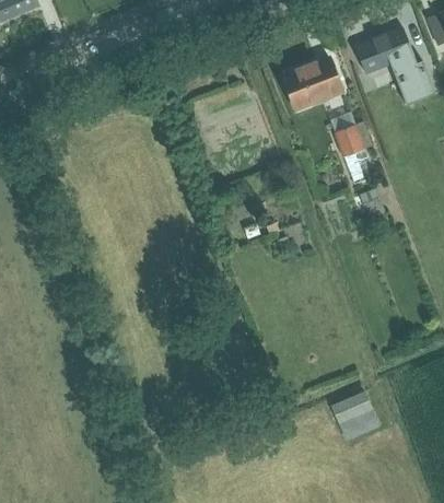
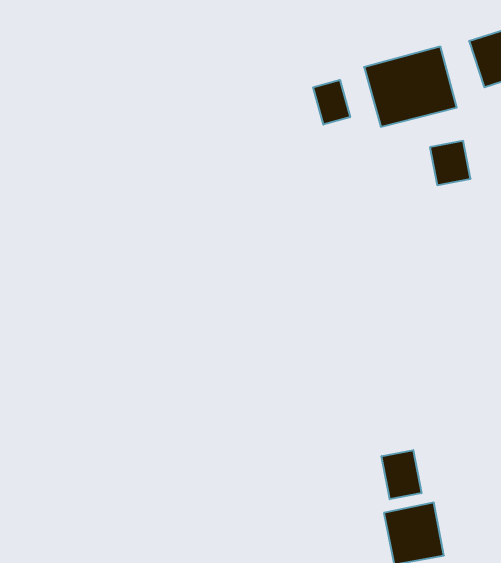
building: none -> [313,80,350,125]
building: none -> [382,450,421,499]

